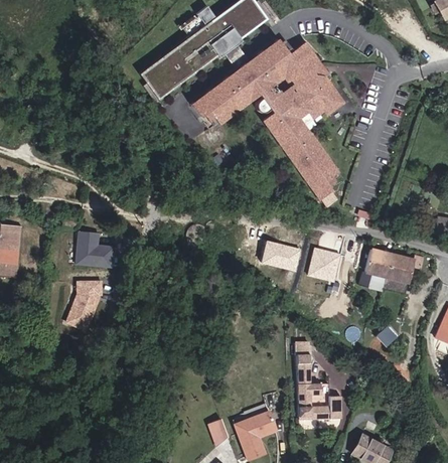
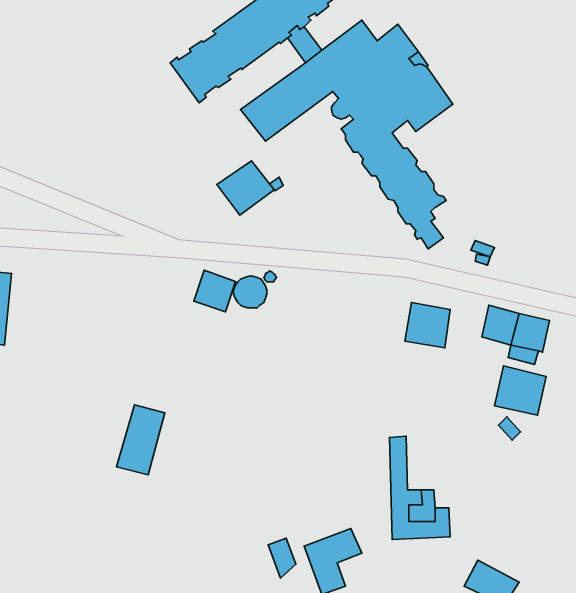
building: none -> [217,161,274,215]
building: none -> [194,270,236,312]
building: [76,229,115,265] -> none
building: [260,238,302,271] -> none
building: [67,277,103,328] -> [117,405,165,475]
building: none -> [495,366,546,415]

